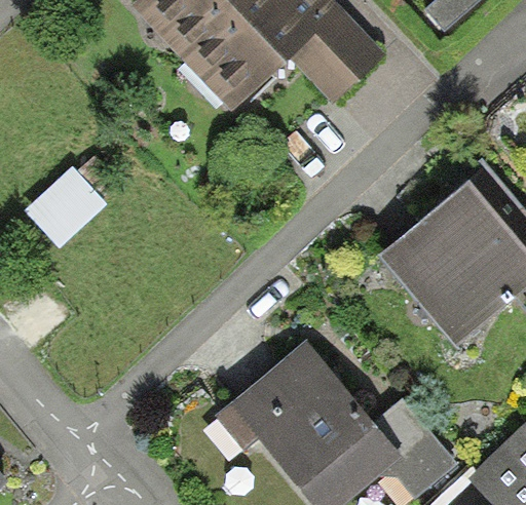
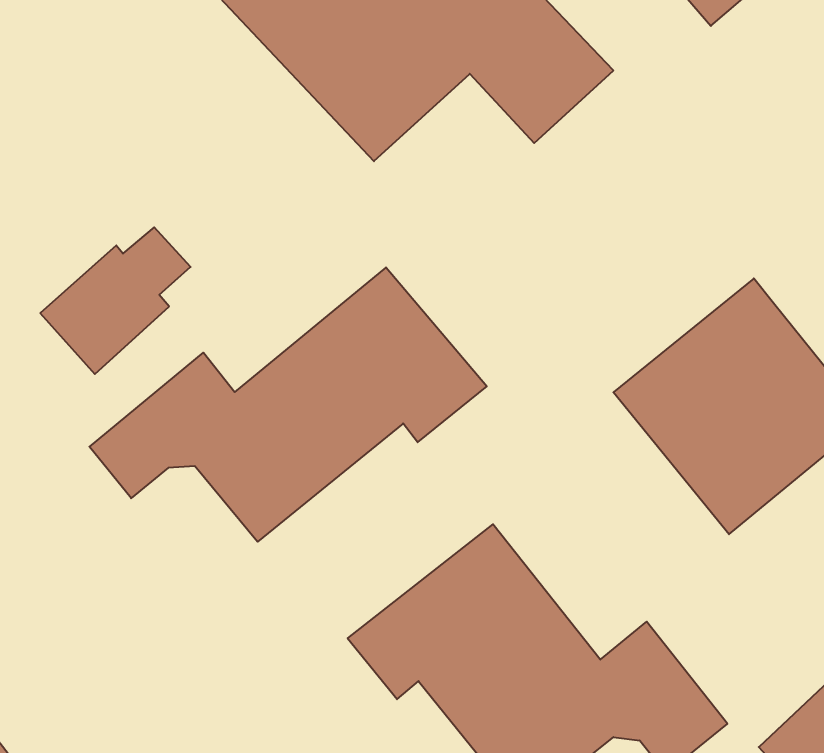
building: none -> [89,267,487,542]

